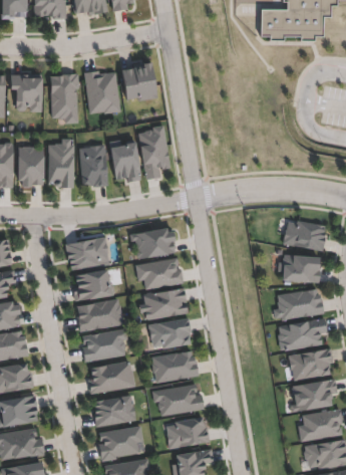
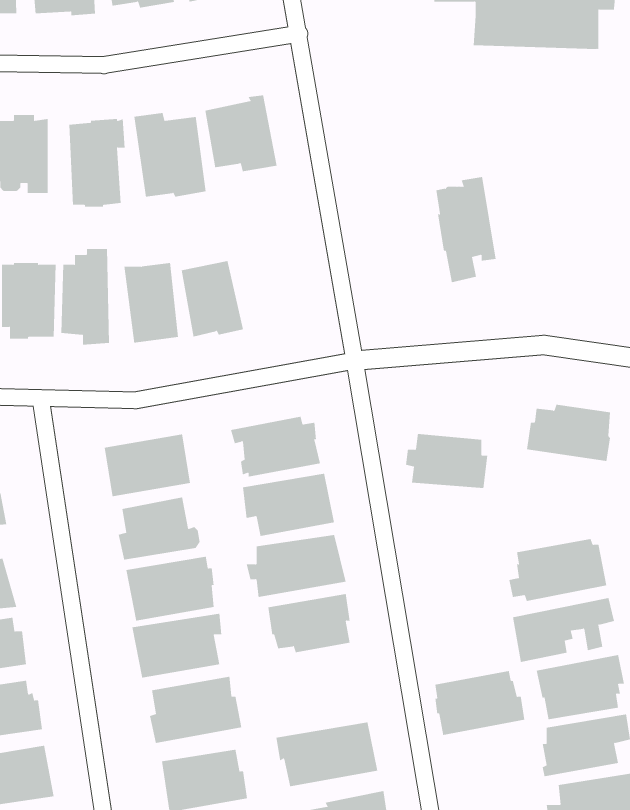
building: [138,127,169,181] -> [435,176,497,283]
building: [279,254,321,282] -> [405,433,488,489]
building: [155,348,202,382] -> [435,671,525,736]

